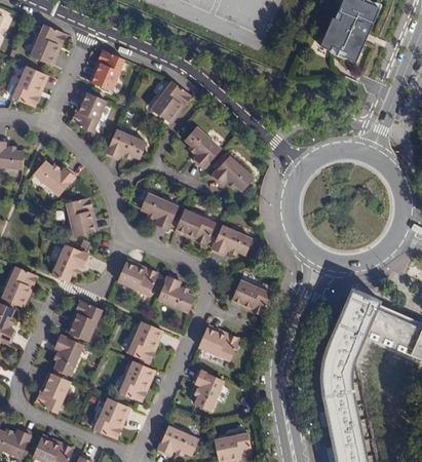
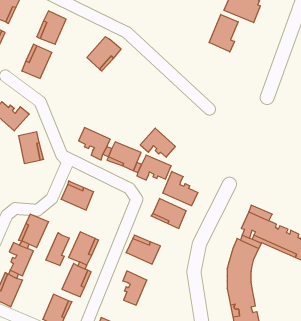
building: none -> [209,14,238,52]
building: [185,126,223,169] -> none
building: [106,130,148,161] -> none
building: [207,152,251,188] -> [140,128,175,157]
building: [51,244,90,281] -> none
building: none -> [163,171,198,206]
building: [158,274,196,313] -> none
building: none -> [46,233,69,266]

